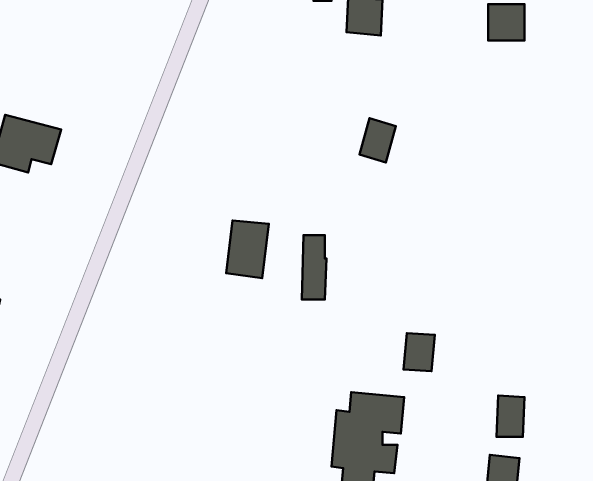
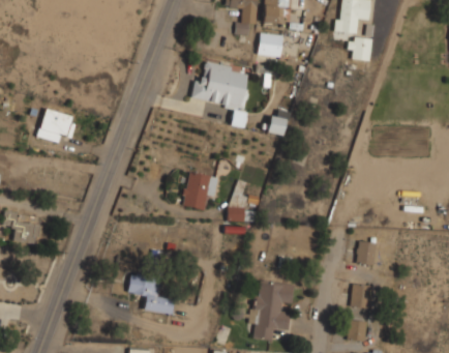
building: none -> [191,63,250,127]
building: [403,333,435,371] -> [356,241,376,265]
building: none -> [127,274,175,316]

